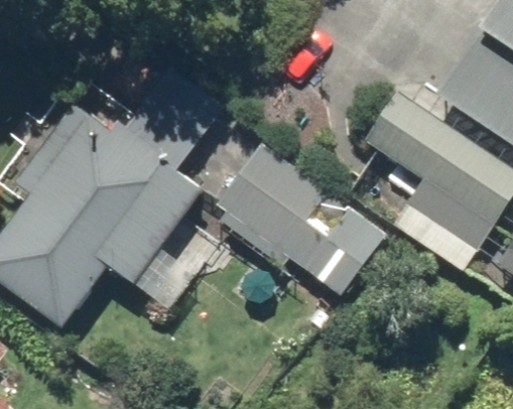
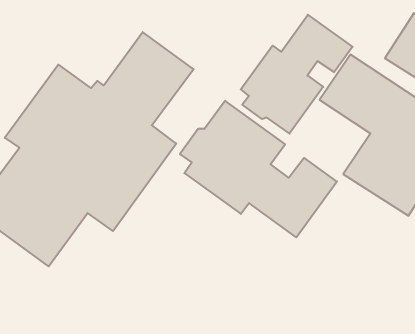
building: none -> [241,15,353,134]

